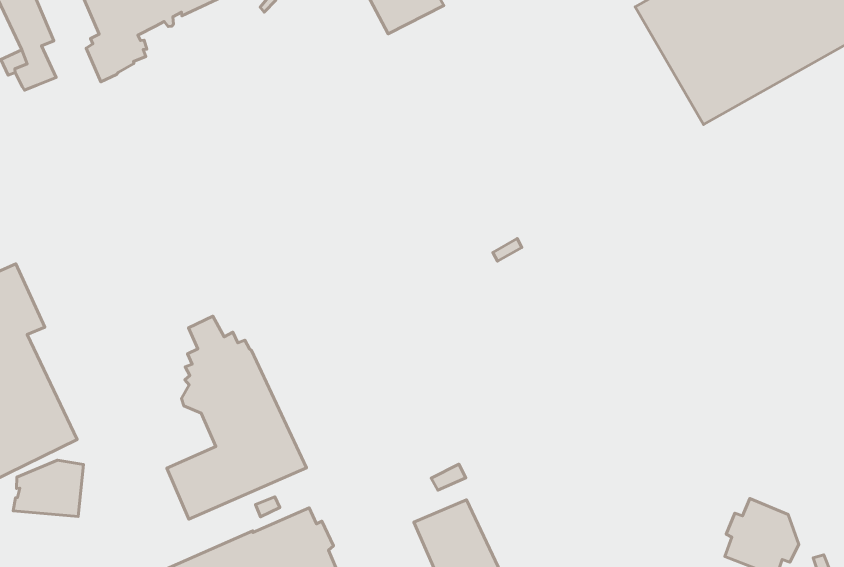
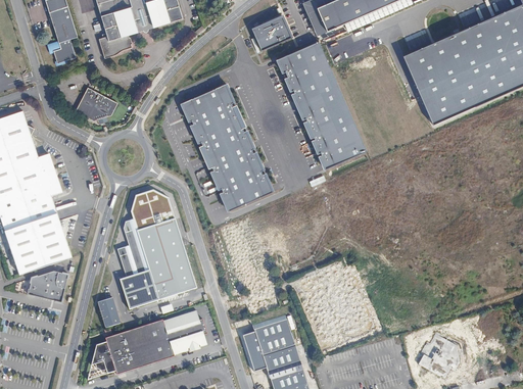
building: none -> [280,44,370,172]
building: none -> [180,80,274,208]
building: none -> [67,89,110,121]
building: none -> [95,296,117,325]

